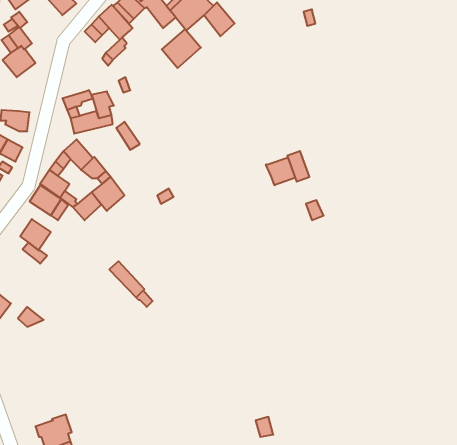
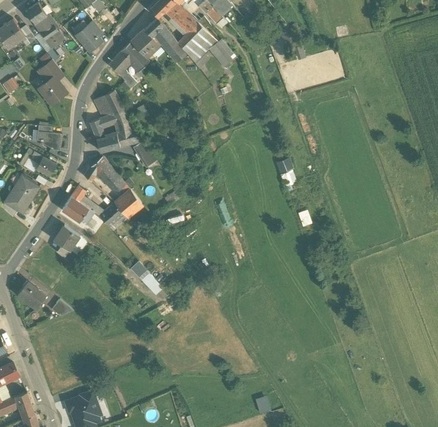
building: [162,29,201,68] -> none
building: none -> [101,90,128,119]
building: [266,157,295,185] -> none

